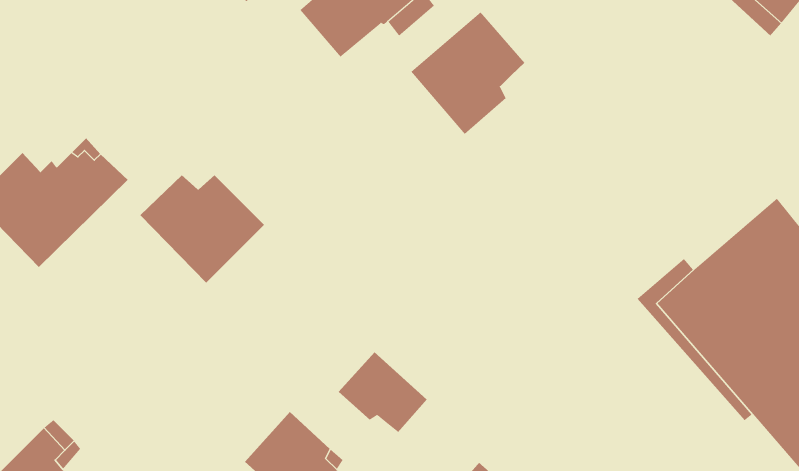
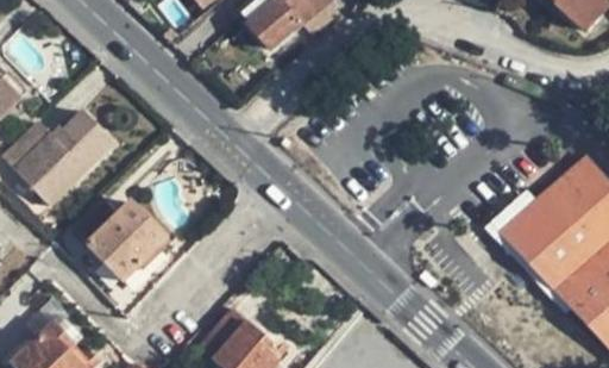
building: [411,11,525,135] -> none
building: [139,174,265,284] -> [74,199,165,279]
building: [338,352,428,433] -> none

